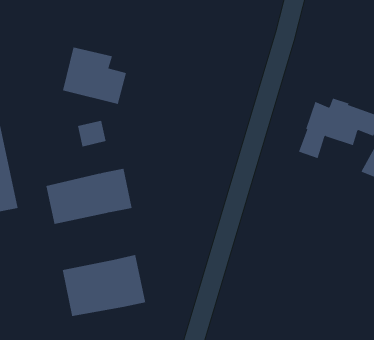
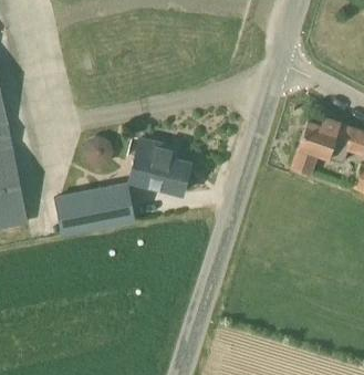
building: [62,47,127,104] -> [128,139,189,194]
building: [62,254,146,317] -> none

